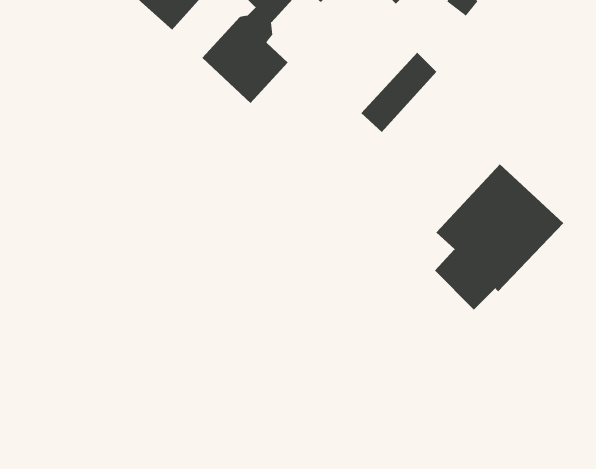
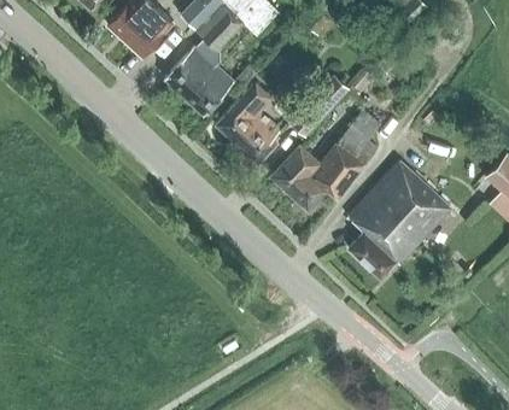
building: none -> [213,81,279,164]
building: none -> [270,100,388,210]

